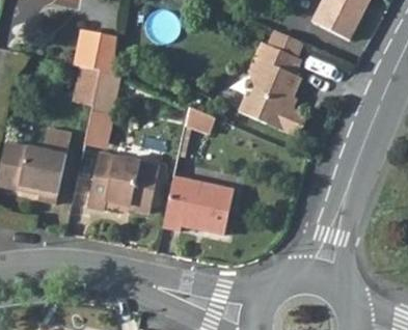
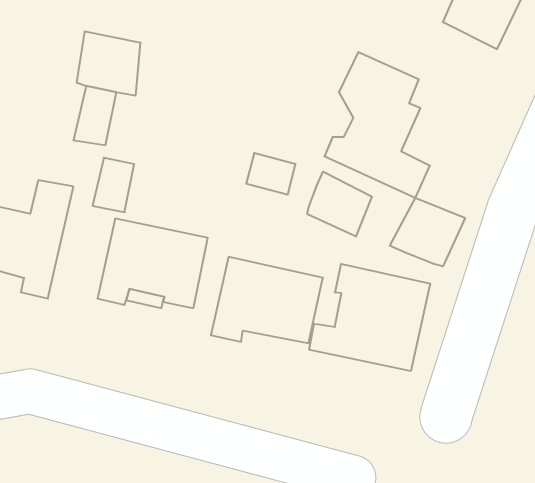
building: [92,68,120,115] -> none
building: none -> [307,172,372,237]
building: none -> [390,198,465,266]
building: none -> [309,264,430,371]

